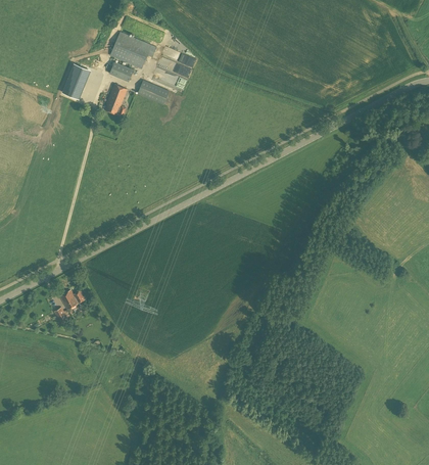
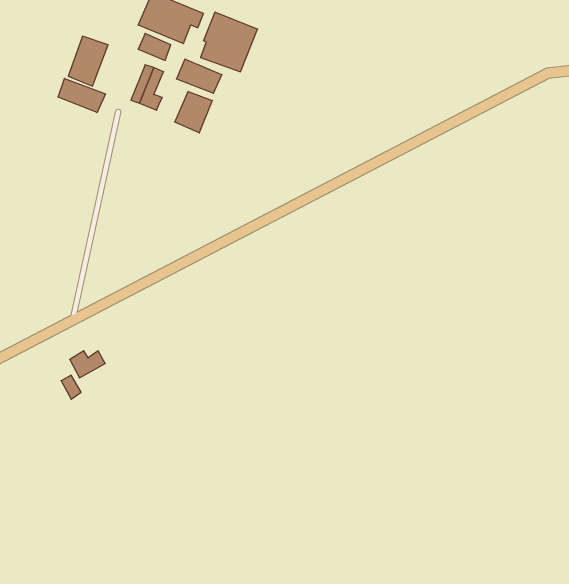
building: none -> [58,78,105,113]
building: none -> [175,91,212,133]

